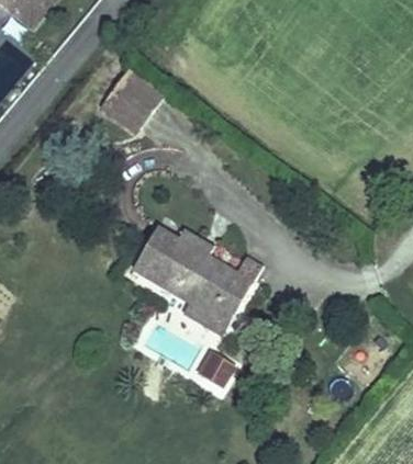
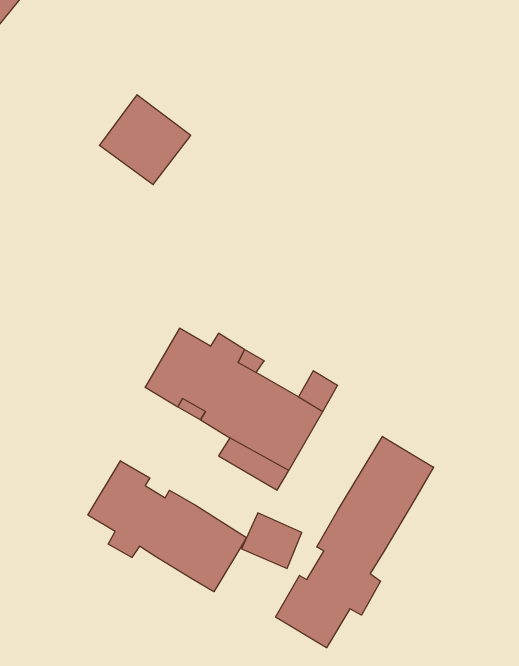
building: none -> [276,436,434,648]
building: none -> [88,461,246,592]

